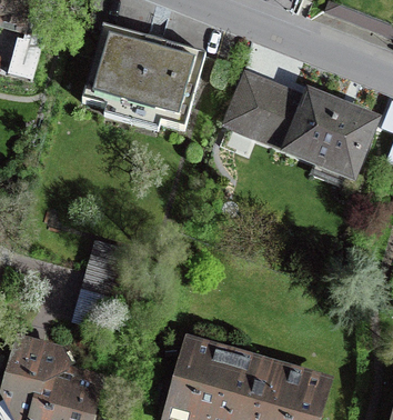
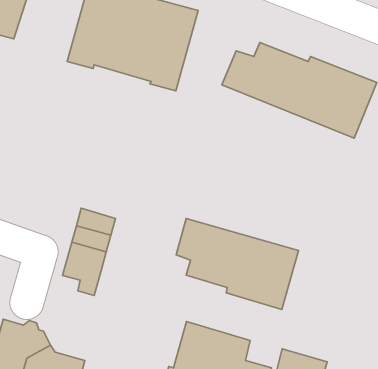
building: none -> [176,218,299,309]

